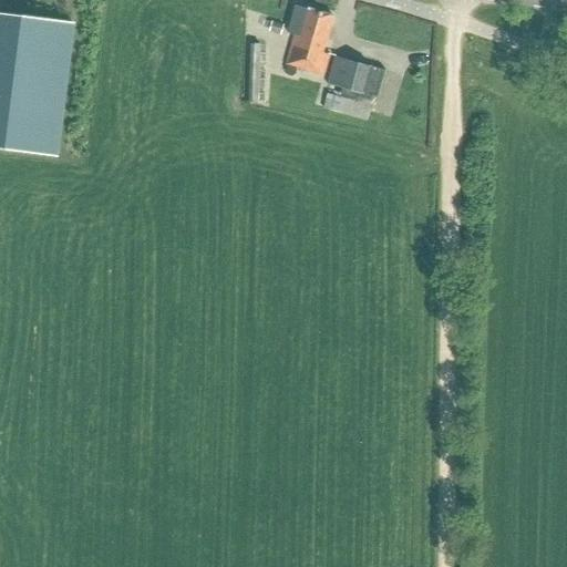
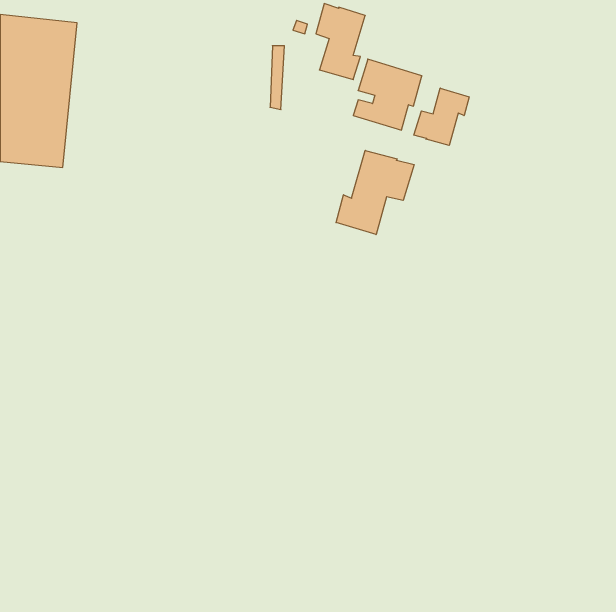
building: none -> [414,88,469,145]
building: none -> [336,150,414,235]

